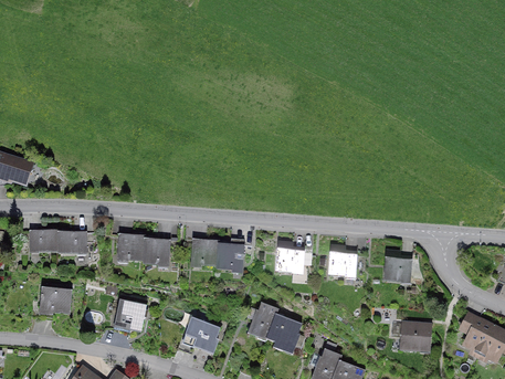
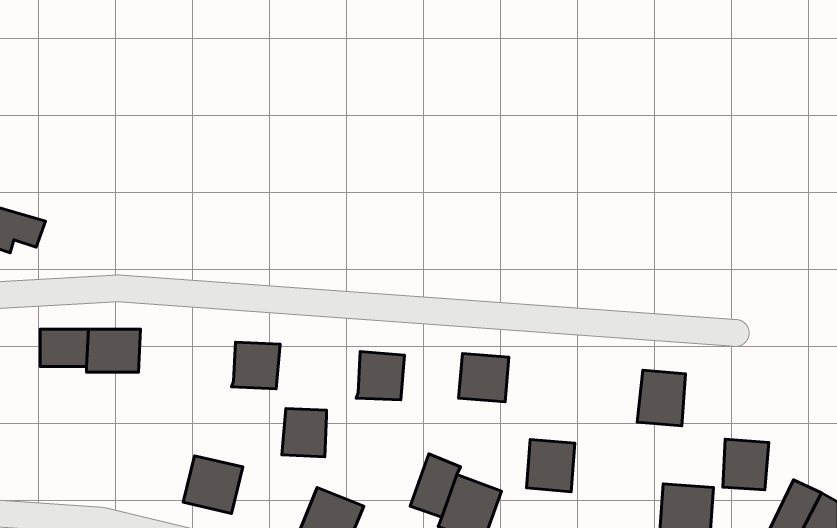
building: [118,230,145,259] -> none
building: [192,236,219,265] -> [282,408,327,457]
building: [328,246,357,277] -> [526,440,575,492]
building: [40,291,74,322] -> none
building: none -> [723,439,769,490]

